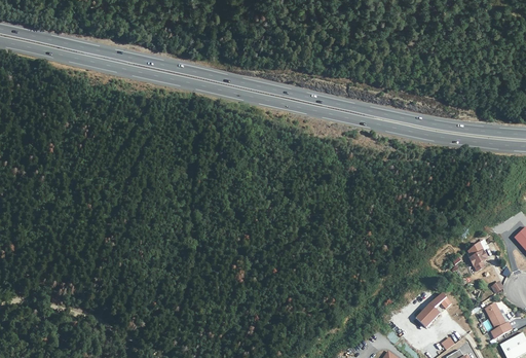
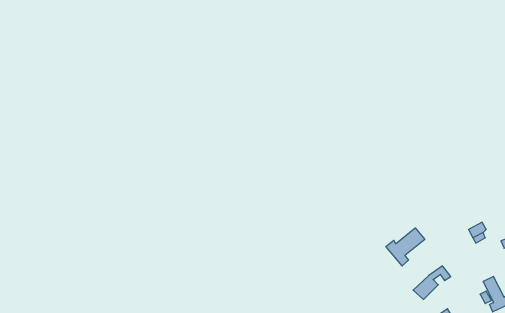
building: none -> [386,228,425,266]

